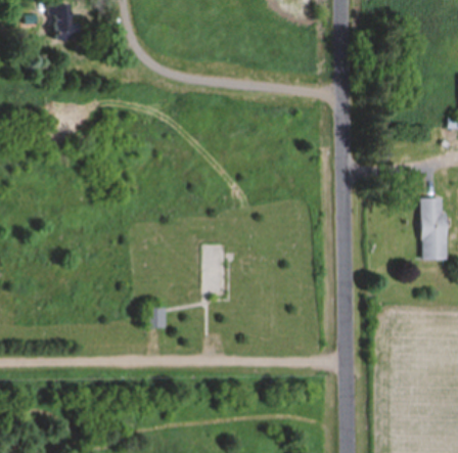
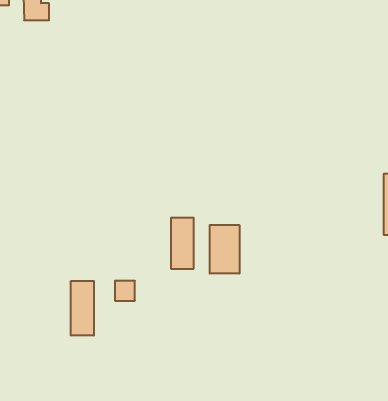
building: none -> [210,225,239,274]
building: none -> [71,281,94,336]

